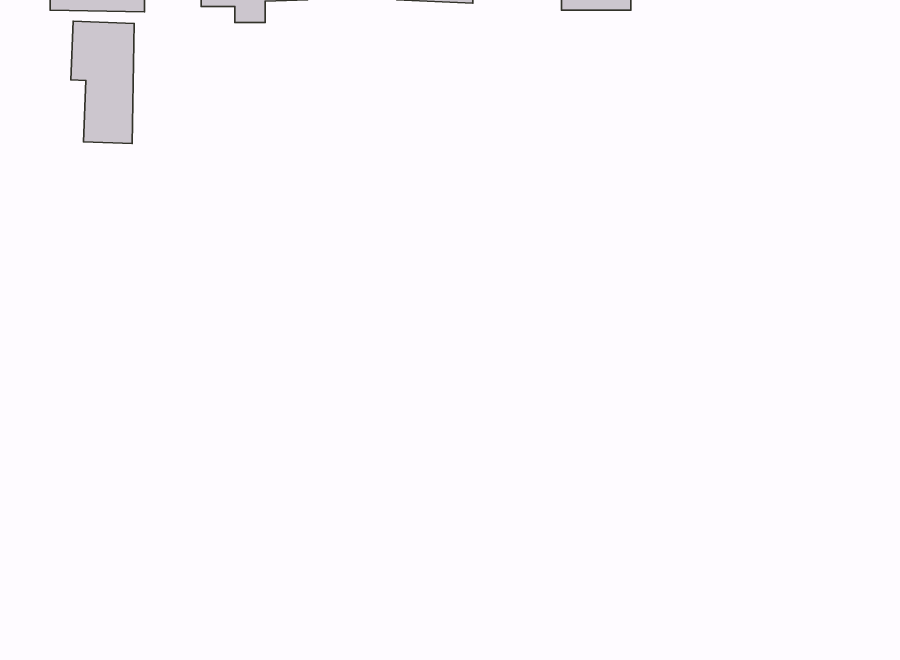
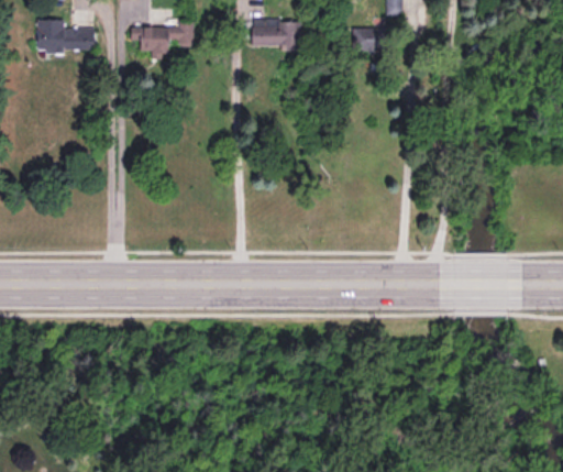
building: [71,21,134,144] -> none

